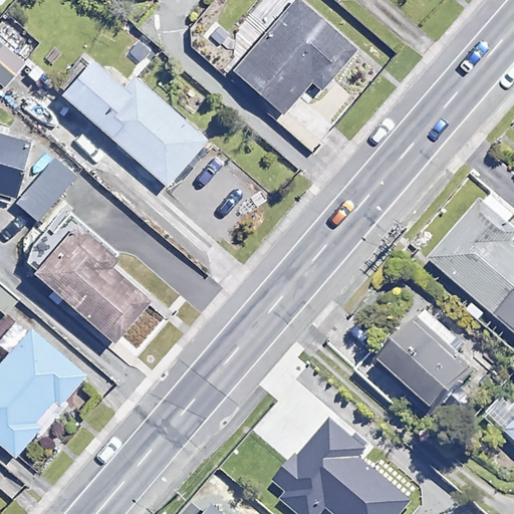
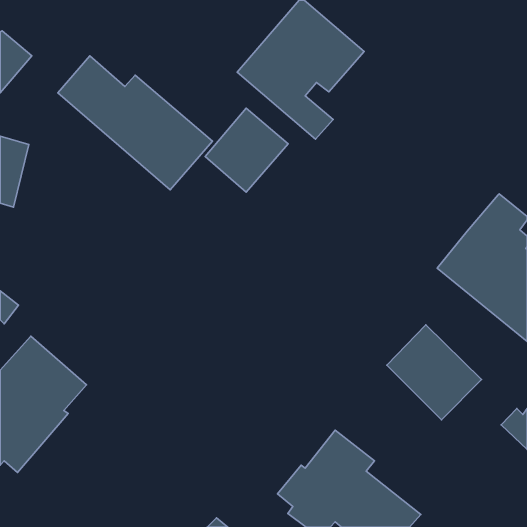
building: none -> [205,108,288,192]
building: [15,156,78,219] -> none
building: [29,221,147,340] -> none

